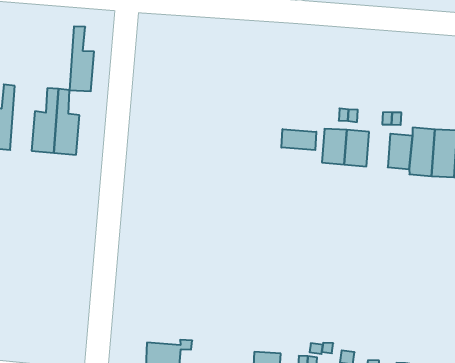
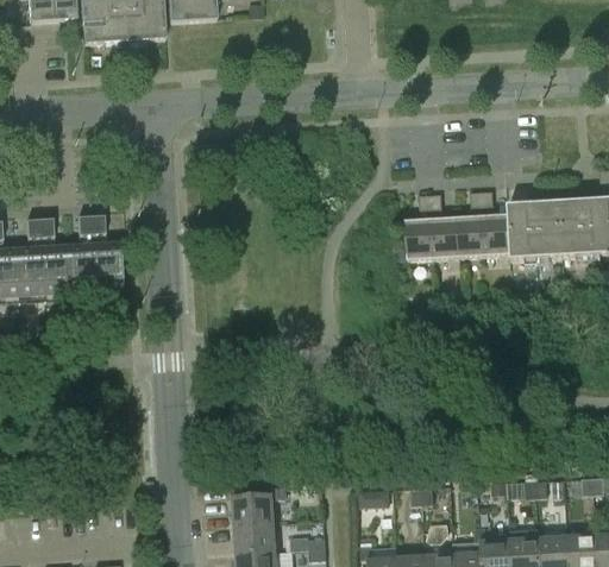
building: [69,26,94,91] -> [39,218,69,294]
building: [281,129,316,150] -> none
building: none -> [458,215,485,257]

